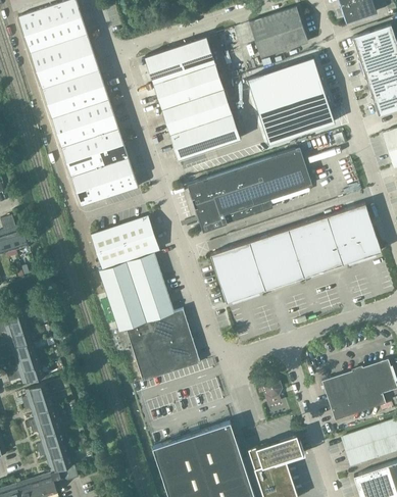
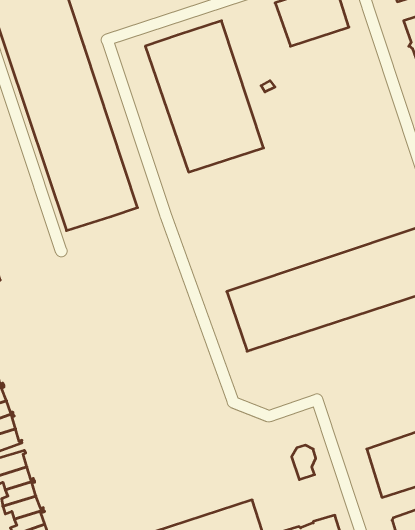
building: [248,58,335,144] -> none
building: [188,149,308,233] -> none
building: [91,216,200,382] -> none

